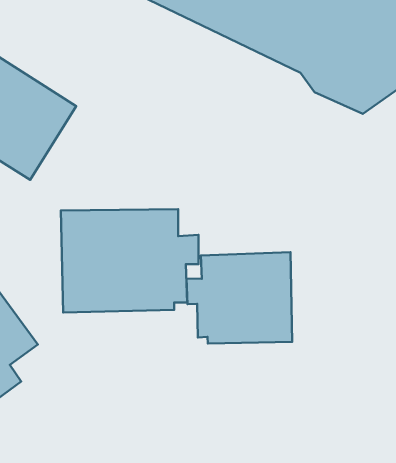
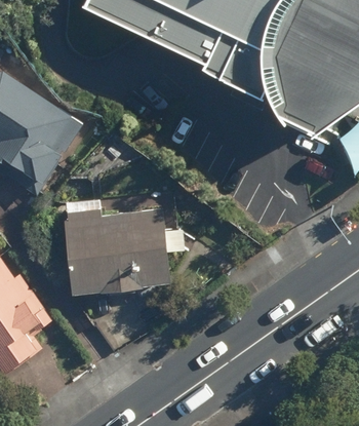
building: [186,252,292,344] -> none

